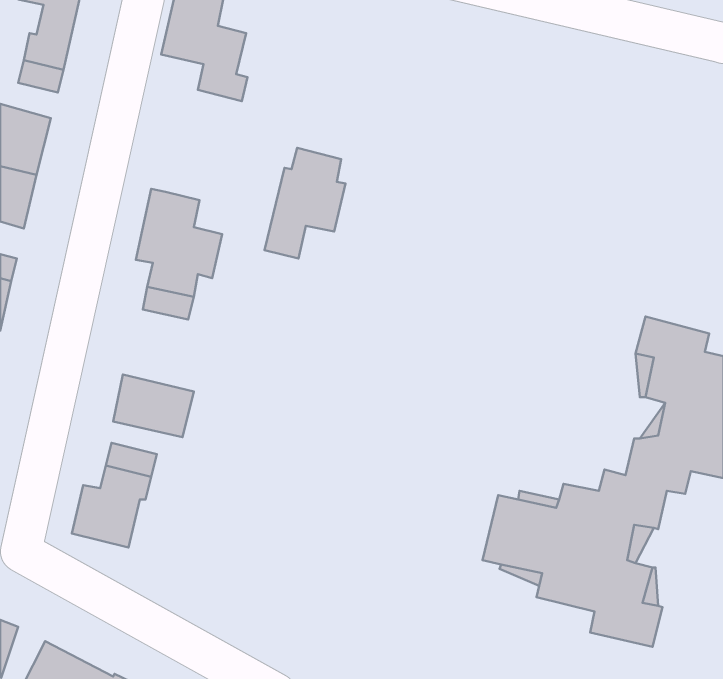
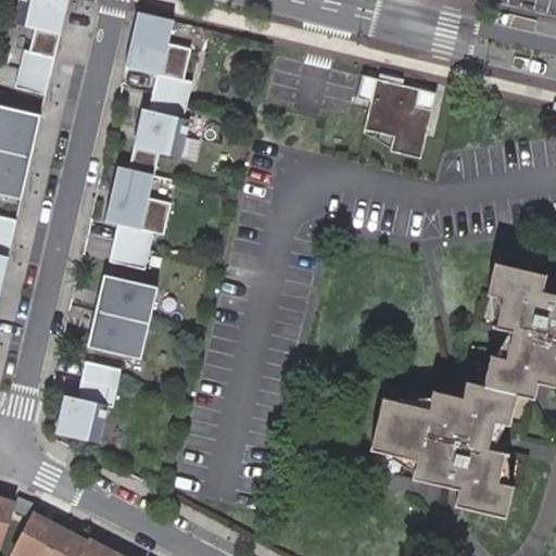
building: none -> [355,77,435,160]
building: [265,148,345,259] -> [127,91,189,176]
building: none -> [94,273,157,323]

